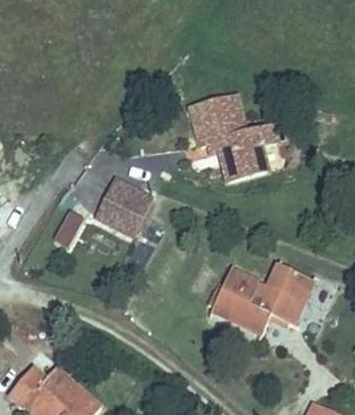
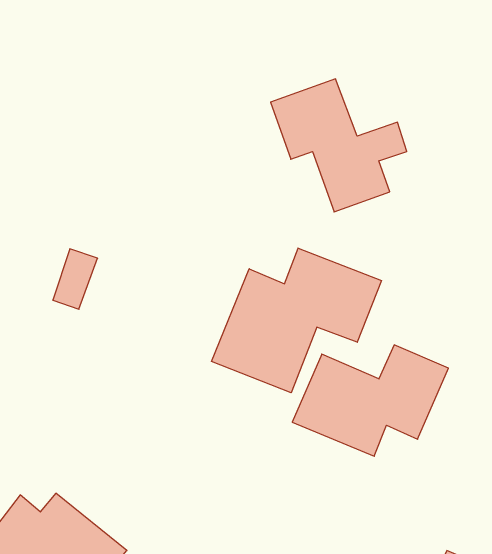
building: [101,183,153,223] -> none
building: none -> [211,248,382,393]

